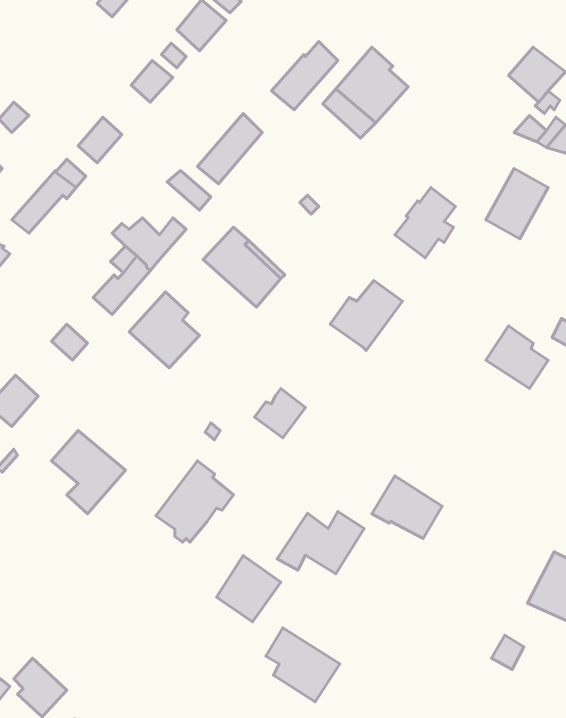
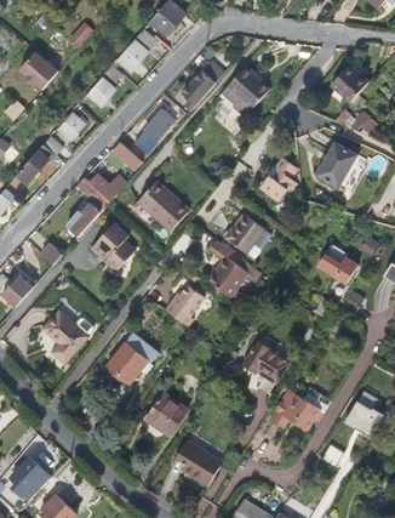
building: none -> [17,51,56,91]
building: none -> [207,240,246,296]
building: [277,511,364,574] -> [269,388,325,428]

